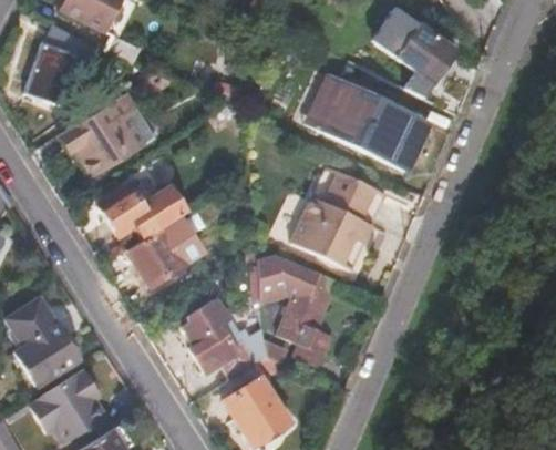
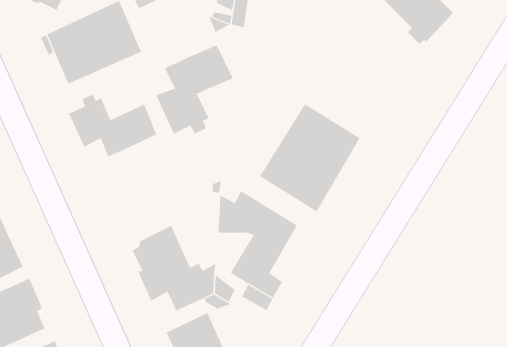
building: [321,73,429,163] -> none
building: none -> [156,44,233,134]
building: [127,228,186,288] -> none

